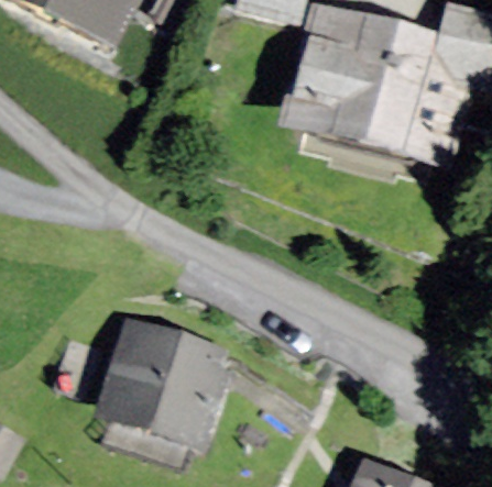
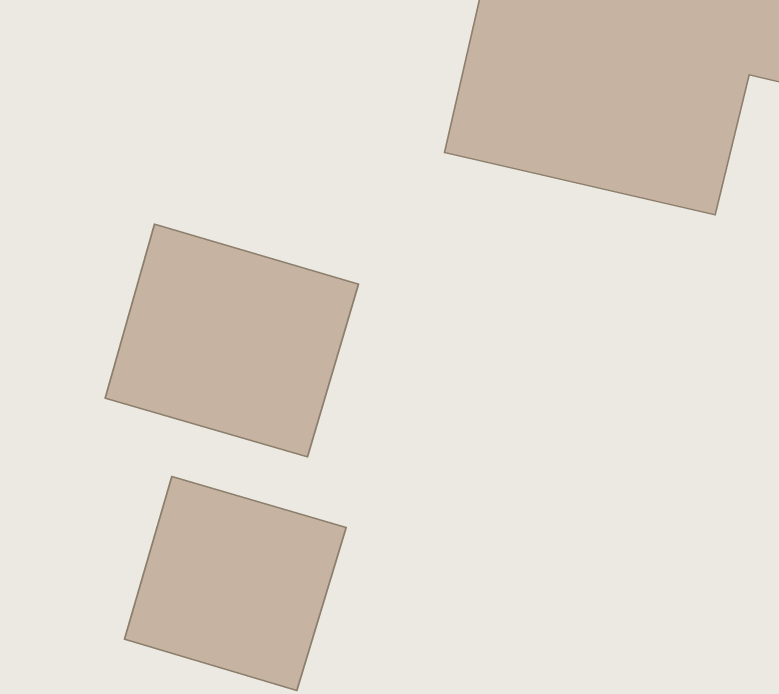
building: none -> [105,224,359,457]

